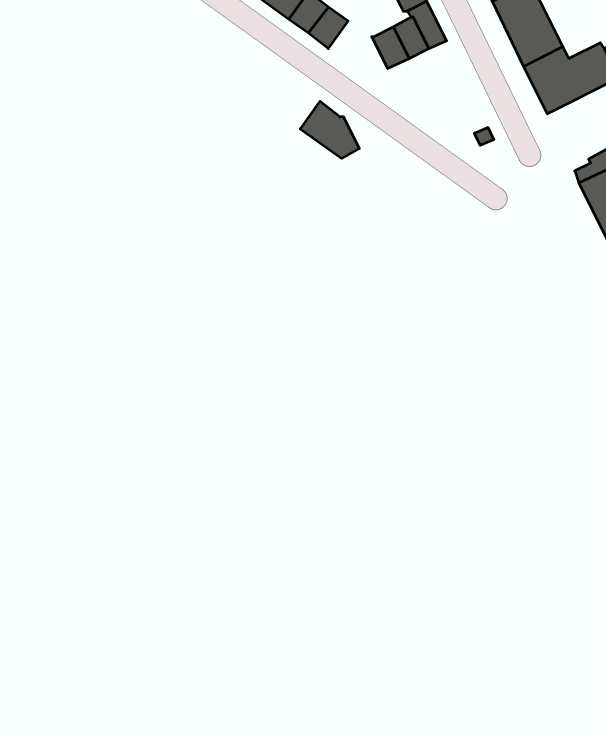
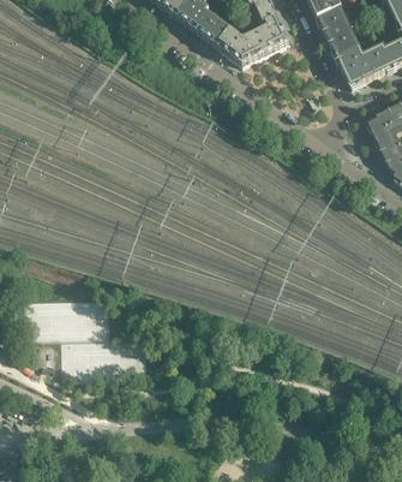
building: [300,101,359,158] -> [217,26,253,61]

